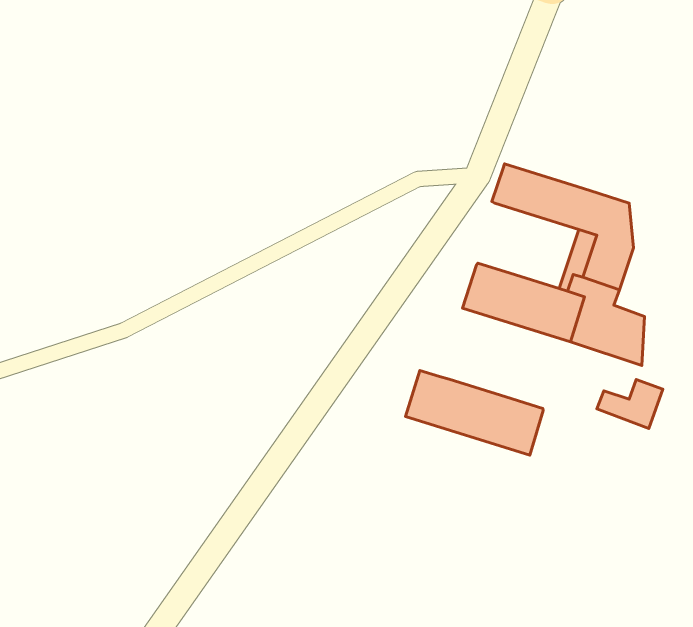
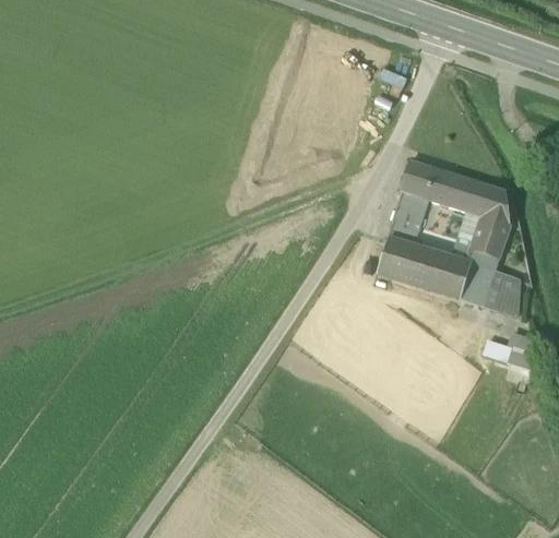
building: none -> [389,191,430,246]
building: [406,371,543,455] -> none

